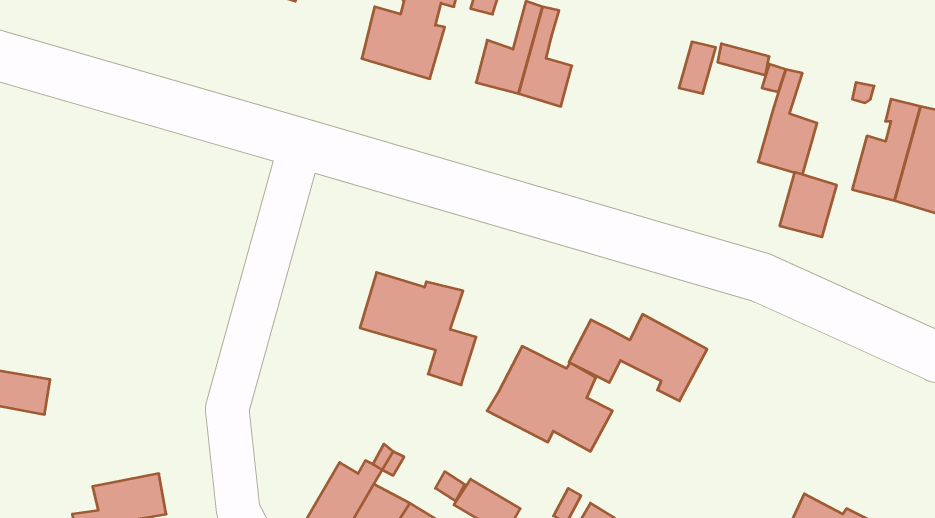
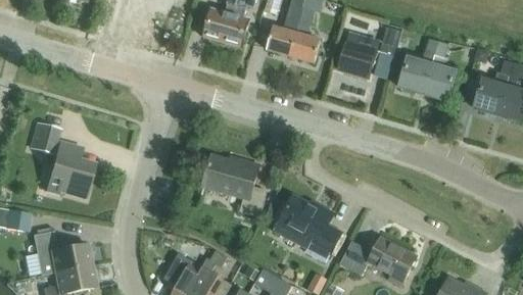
building: none -> [338,30,380,77]
building: [780,172,837,237] -> [399,56,431,92]
building: none -> [31,124,93,197]
building: [569,314,707,401] -> [339,236,416,284]
building: none -> [33,230,91,274]

